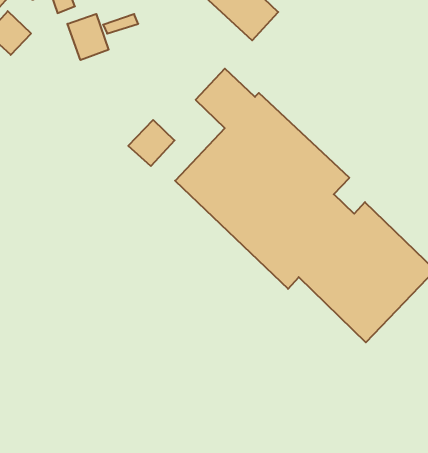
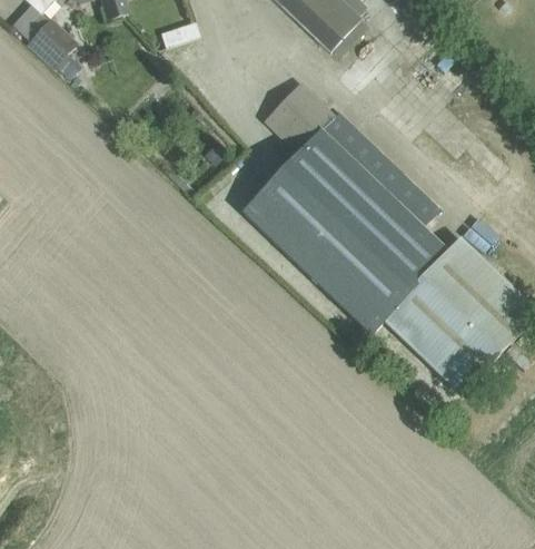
building: [67,14,109,60] -> none
building: [128,120,175,166] -> none

